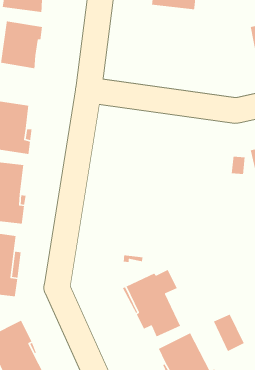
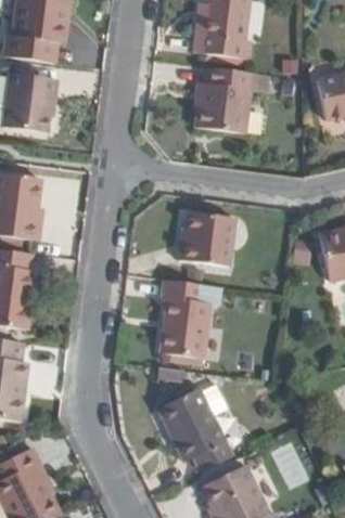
building: none -> [197,66,252,133]
building: none -> [180,212,234,266]
building: none -> [159,280,218,358]

